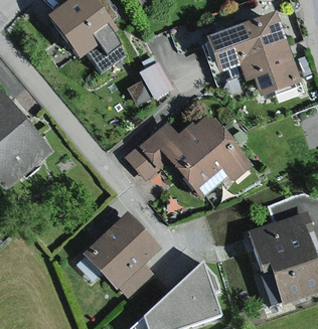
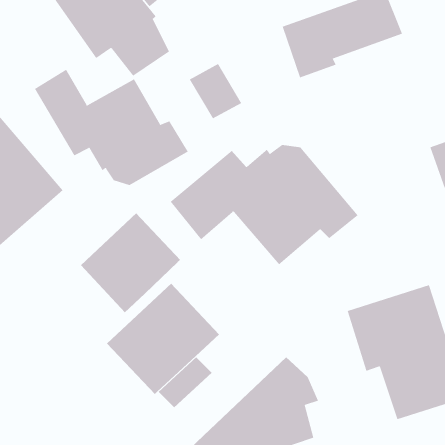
building: [213,41,298,97] -> none
building: none -> [34,69,189,186]
building: none -> [80,212,181,313]

